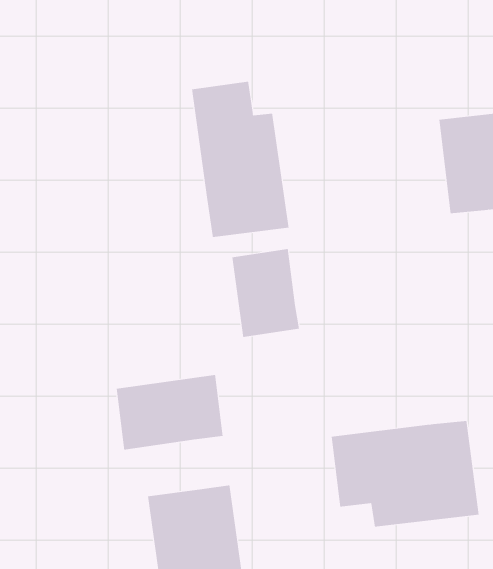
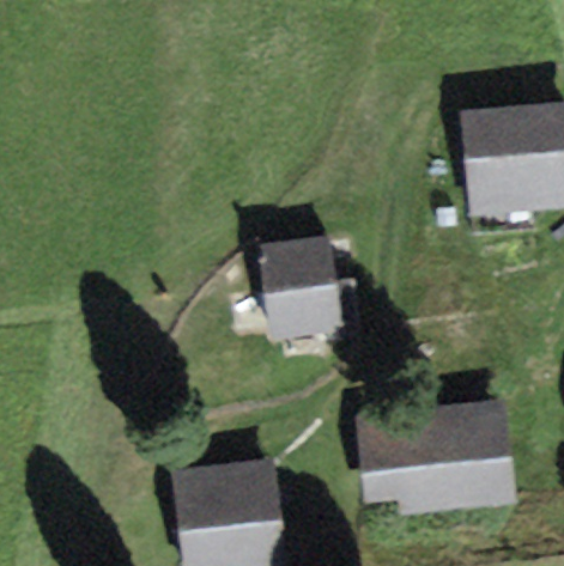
building: [191,81,289,238] -> none
building: [116,374,223,450] -> none

